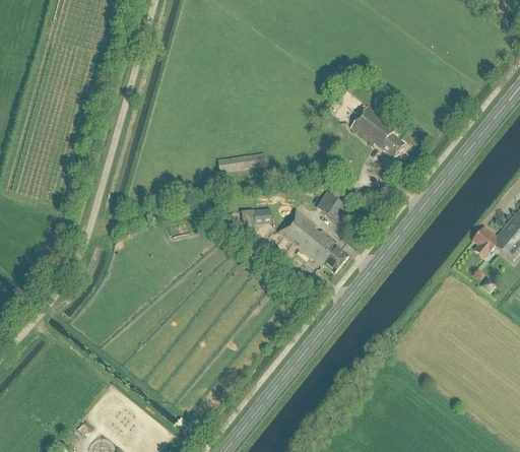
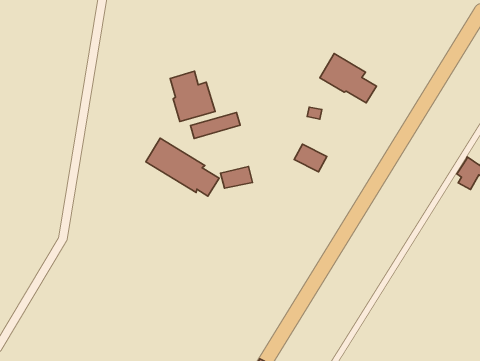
building: none -> [170,71,215,122]
building: [277,209,347,272] -> [146,138,219,196]

